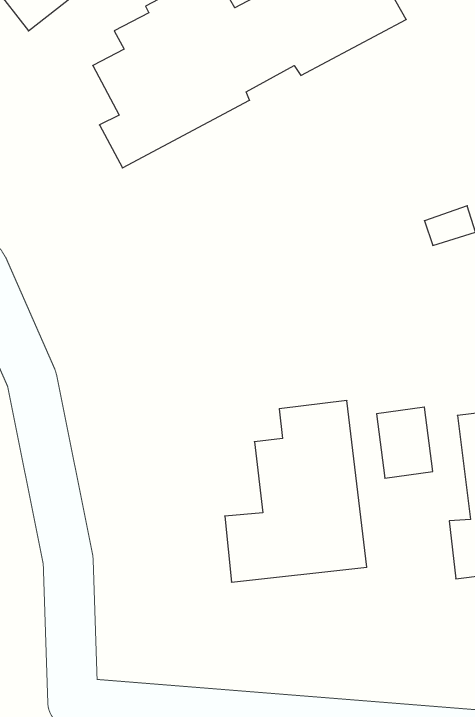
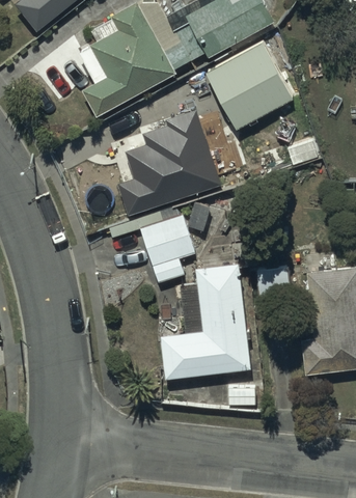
building: none -> [208,43,295,129]
building: none -> [120,109,223,214]
building: none -> [110,211,196,282]

